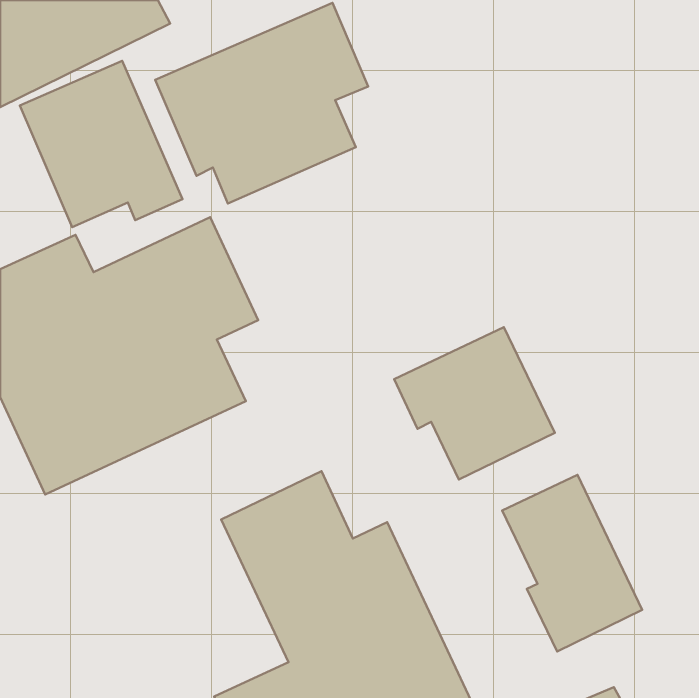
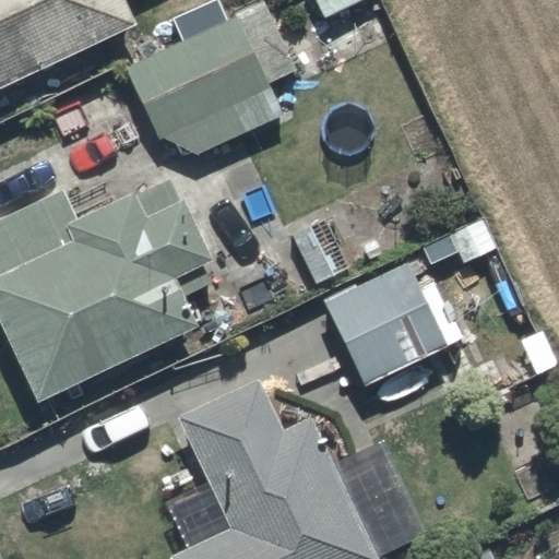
building: [20,61,183,227] -> none
building: [502,475,642,652] -> none

